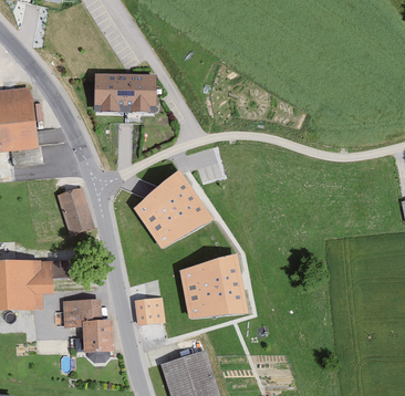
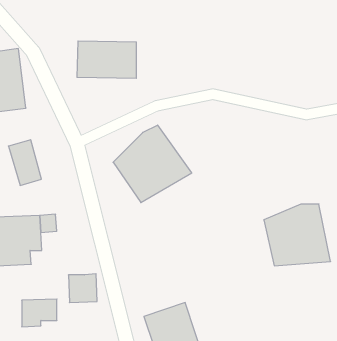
building: [56,187,91,235] -> [8,140,41,185]
building: [176,250,246,314] -> [264,204,331,266]
building: [136,296,164,324] -> none
building: [63,299,100,327] -> [22,299,57,327]

